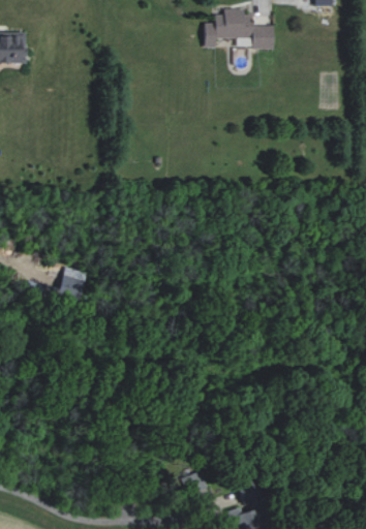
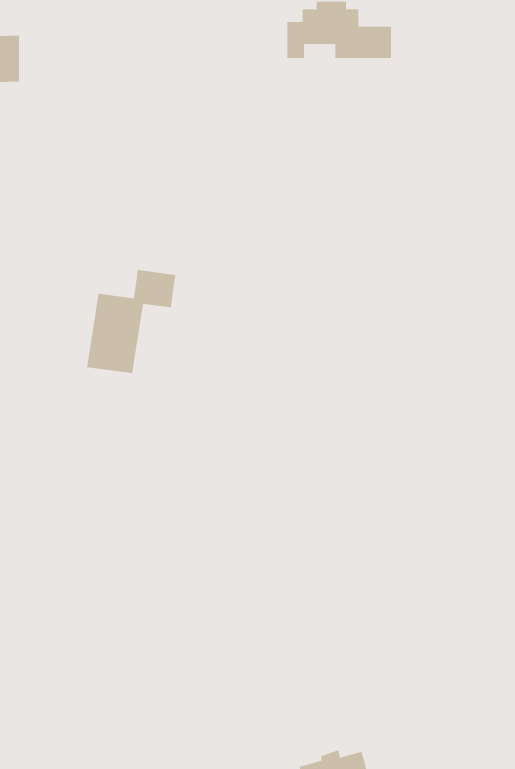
building: none -> [87,269,176,374]
building: [59,269,85,299] -> none

